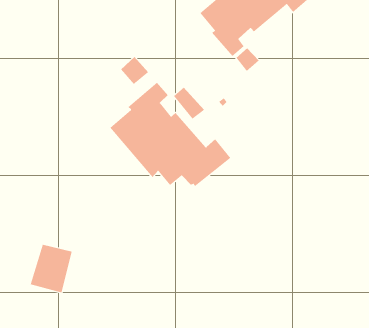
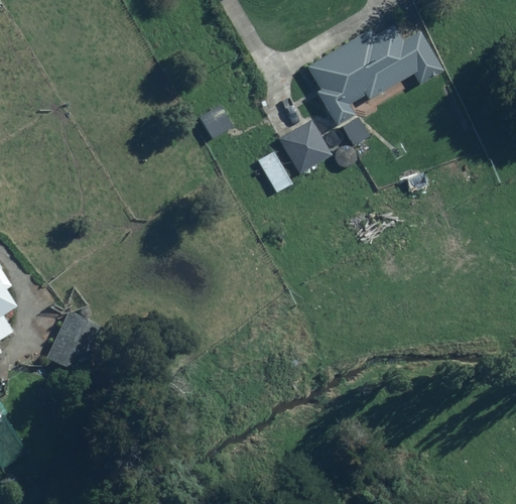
building: none -> [279,120,332,174]
building: [110,82,231,187] -> none

